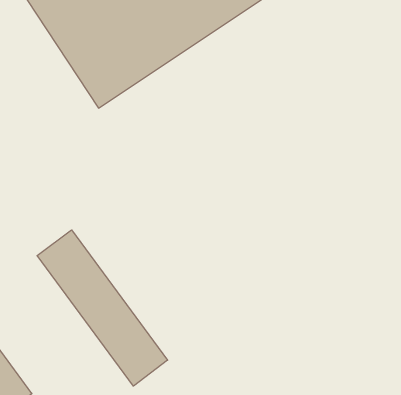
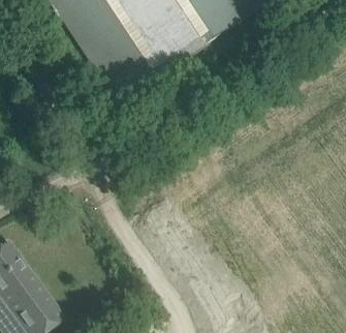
building: [37,230,168,386] -> none

